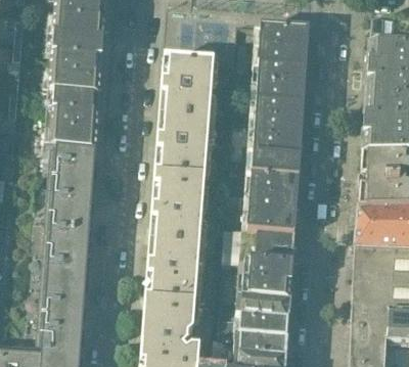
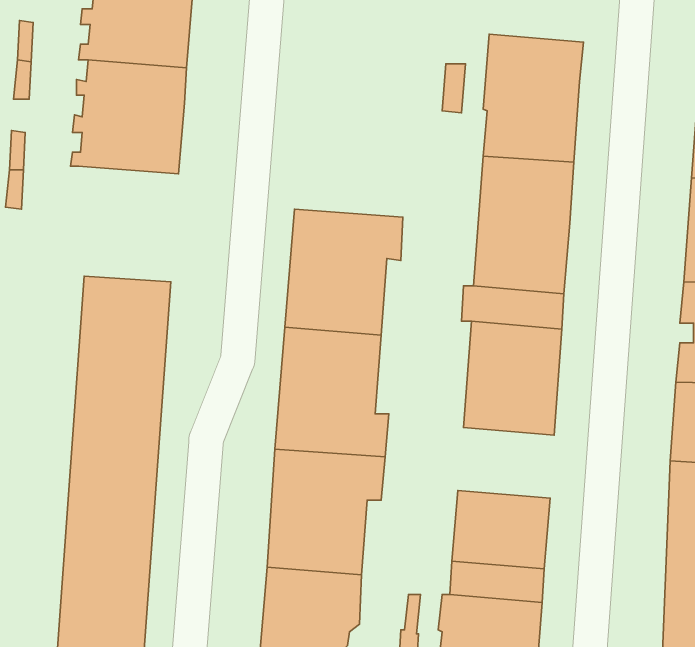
building: [160,58,218,121] -> none
building: [43,94,99,154] -> none
building: [223,229,294,267] -> none

